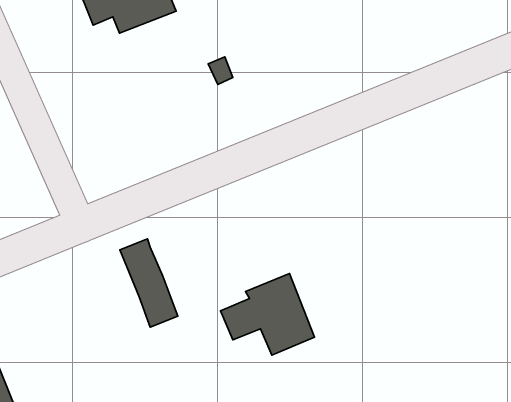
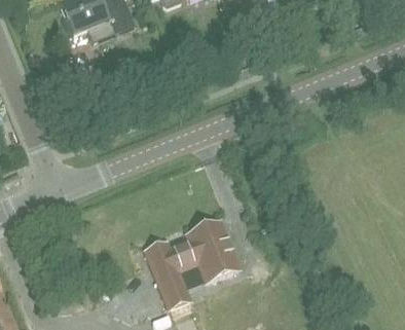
building: [120,239,178,327] -> [145,242,188,307]

